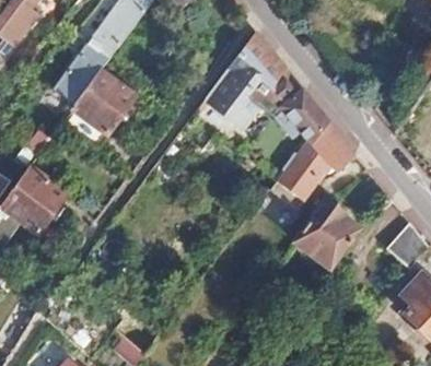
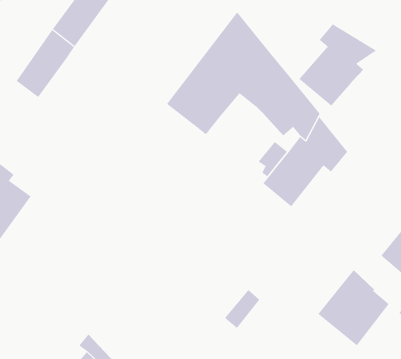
building: none -> [298,23,377,106]
building: [63,70,137,150] -> none
building: [295,201,361,271] -> [317,269,390,346]

